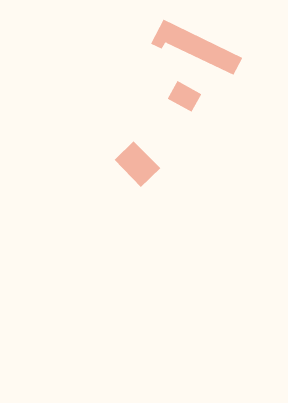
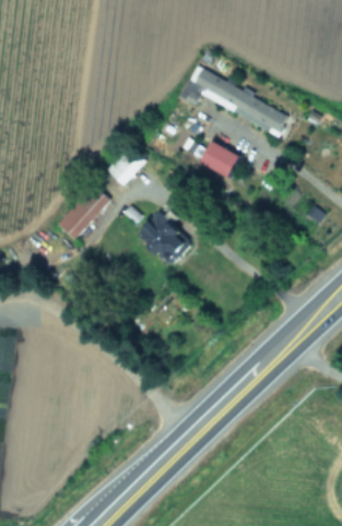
building: none -> [107,147,143,186]
building: none -> [56,184,111,239]

